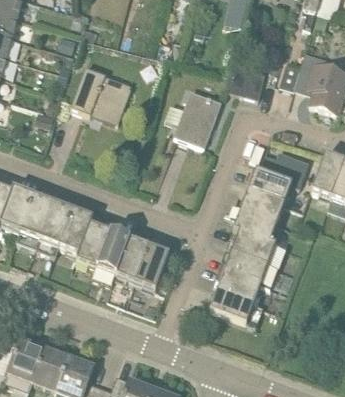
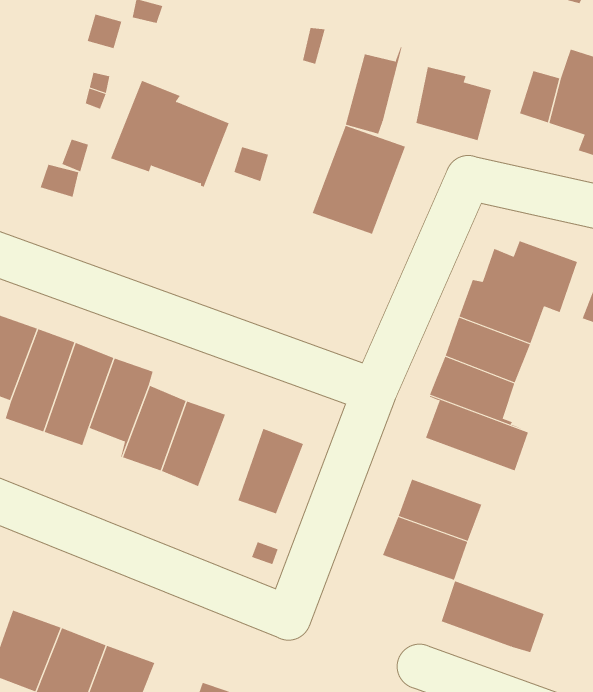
building: none -> [345,46,402,135]
building: [116,237,149,281] -> none
building: [225,249,278,286] -> [441,581,545,653]

